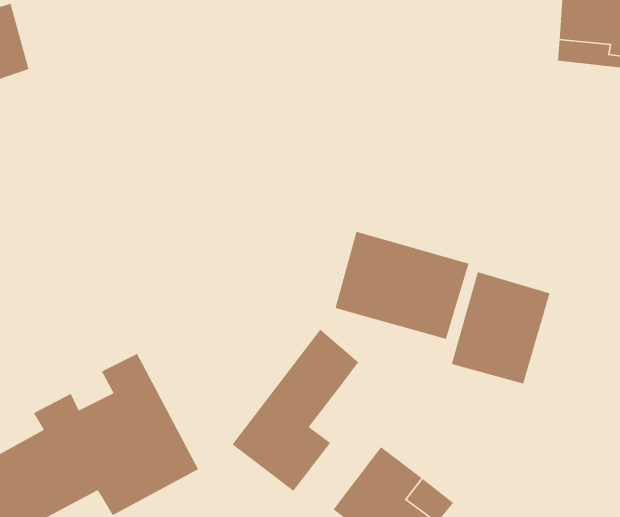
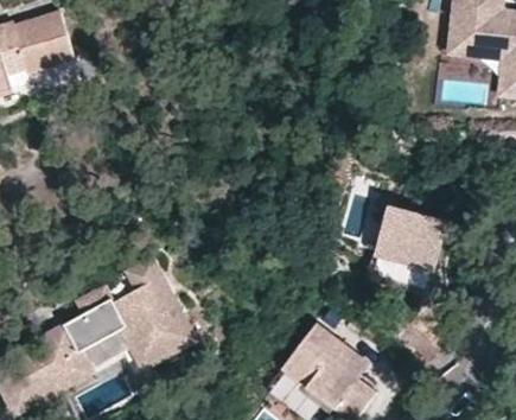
building: [335,231,469,340] -> none
building: [232,329,359,492] -> none

